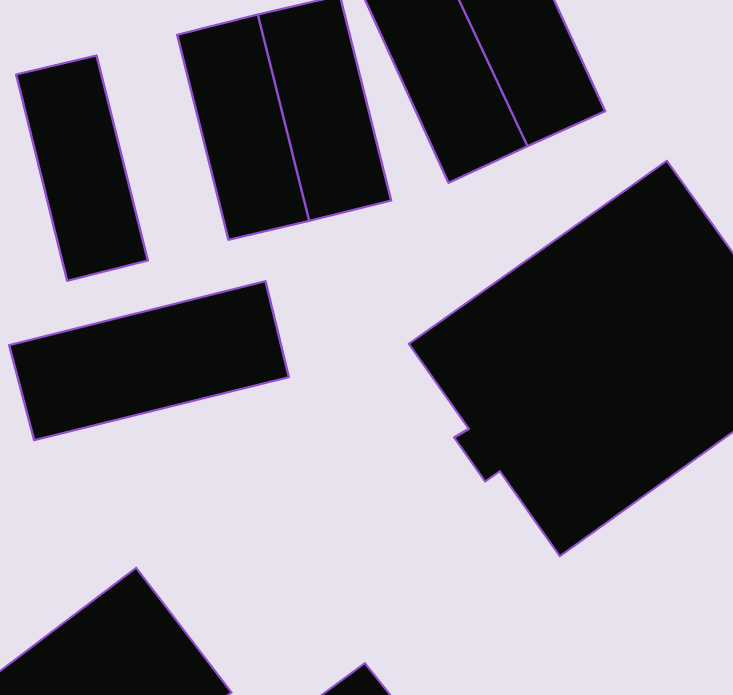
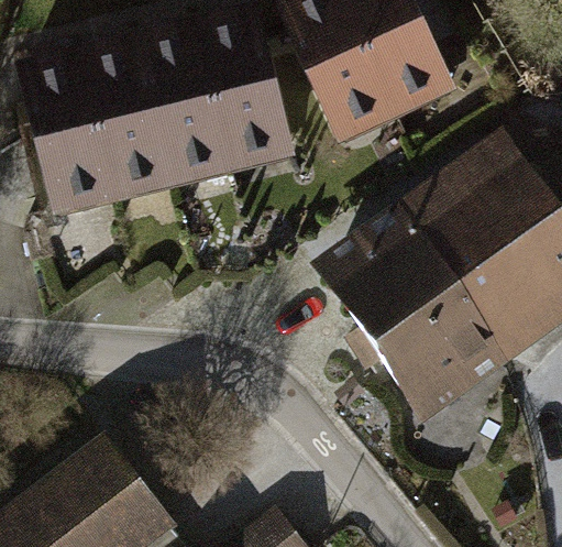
building: none -> [77,33,176,203]
building: [9,281,289,440] -> none

